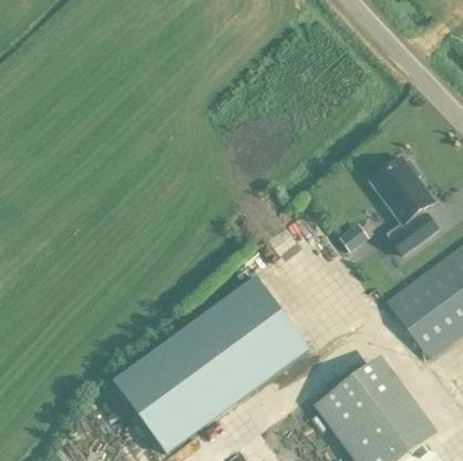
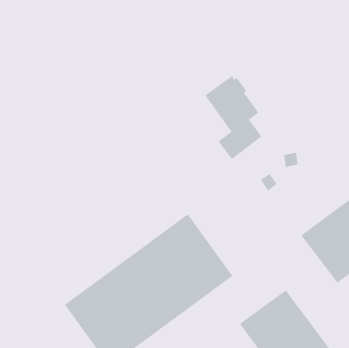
building: [371,157,438,255] -> [205,75,262,160]

